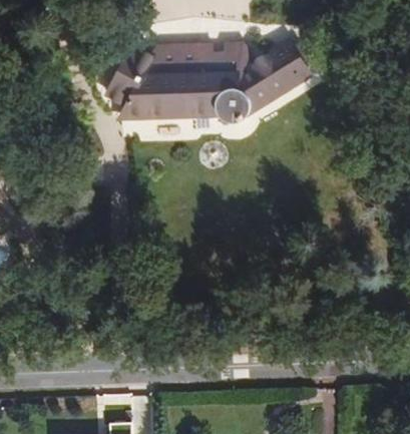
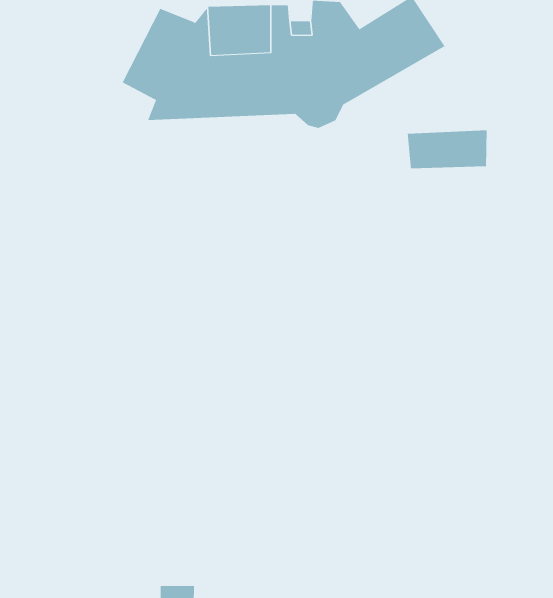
building: none -> [407,129,487,169]

